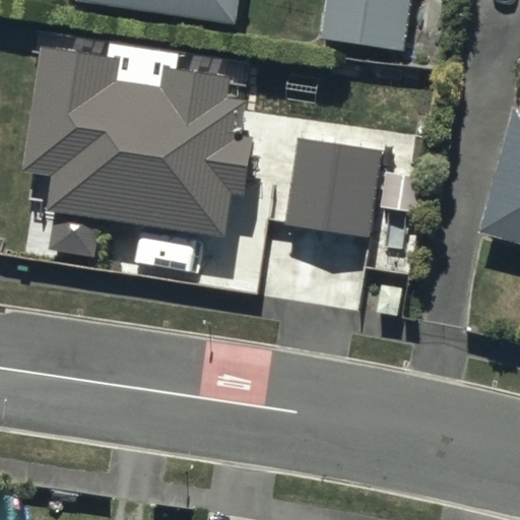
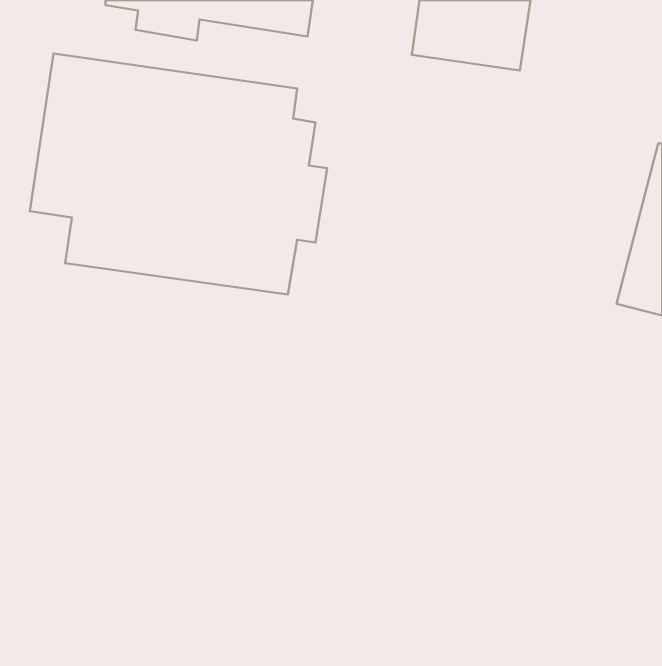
building: [285,134,382,232] -> none

